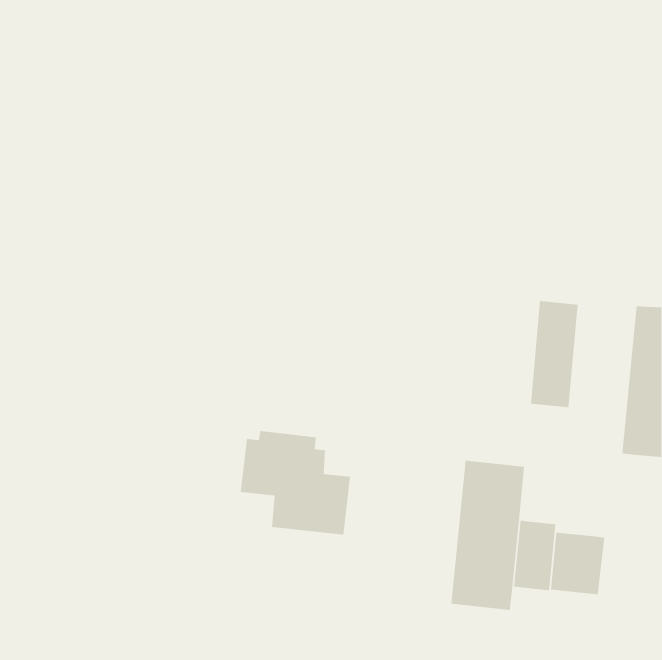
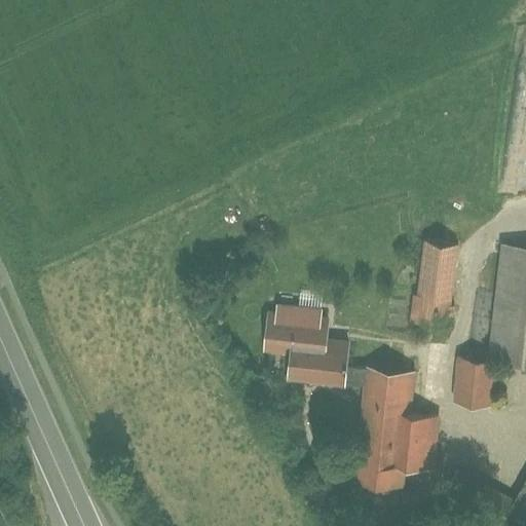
building: [240,431,351,535] -> [262,305,349,387]
building: [550,532,605,595] -> [453,360,496,409]

